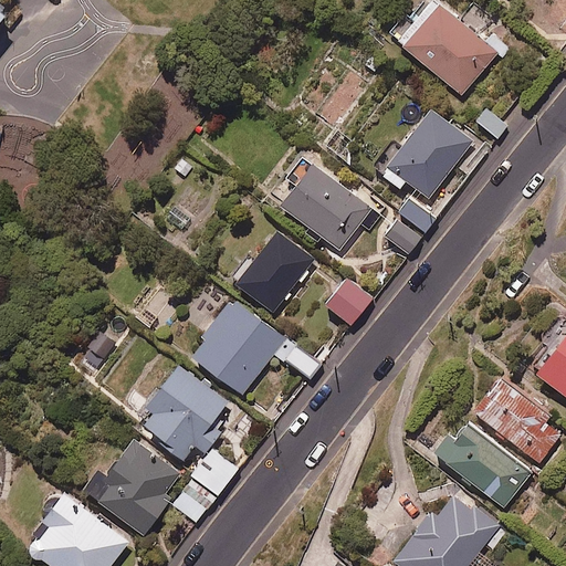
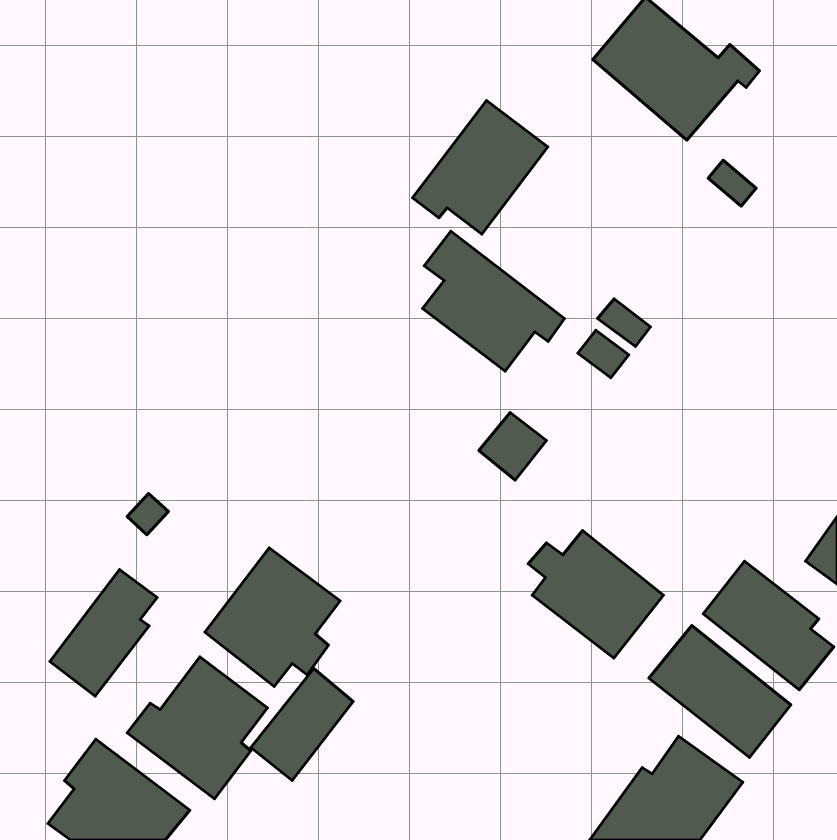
building: [381,109,472,199] -> [412,101,548,234]
building: [235,230,313,311] -> none
building: [189,300,321,395] -> none
building: none -> [528,531,663,658]
building: none -> [50,569,157,696]

